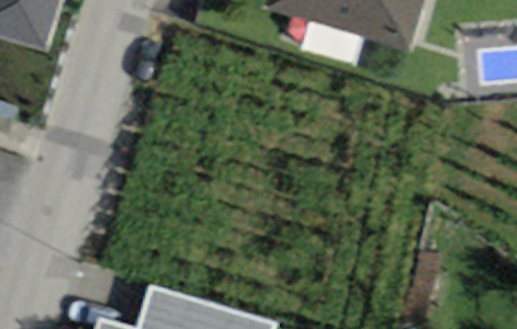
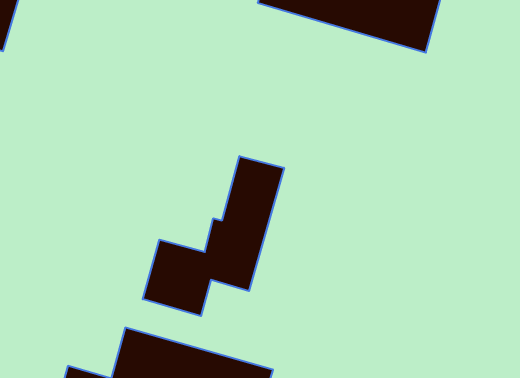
building: none -> [143,156,284,316]

